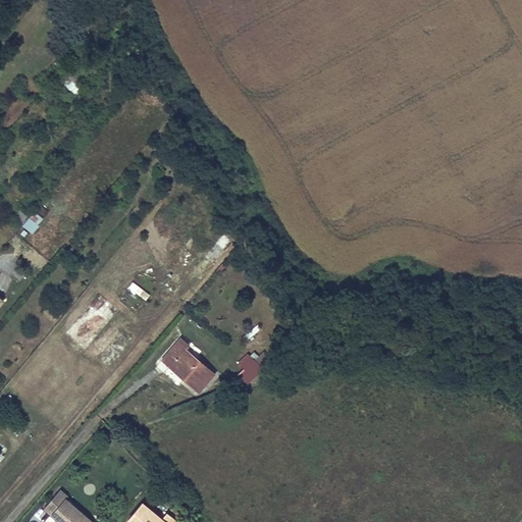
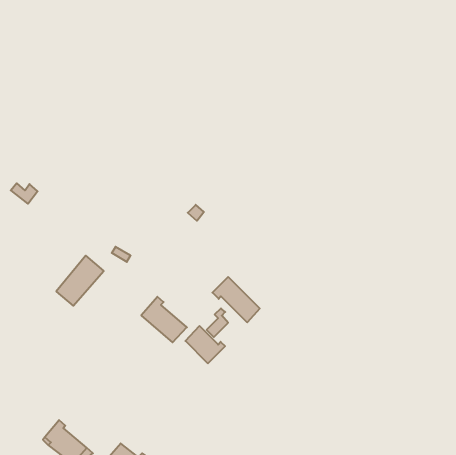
building: none -> [212,277,260,322]
building: none -> [185,326,225,363]

